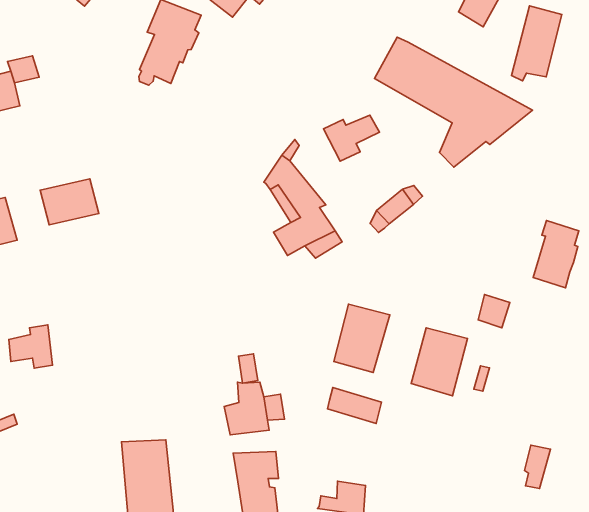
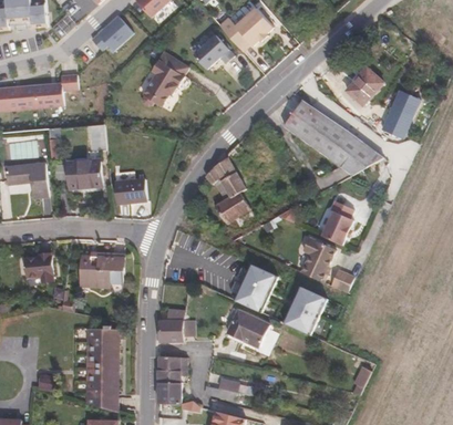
building: [323,115,380,161] -> none
building: none -> [119,178,148,201]
building: [533,221,579,288] -> [325,206,359,251]
building: none -> [303,241,336,284]
building: none -> [79,251,122,284]

